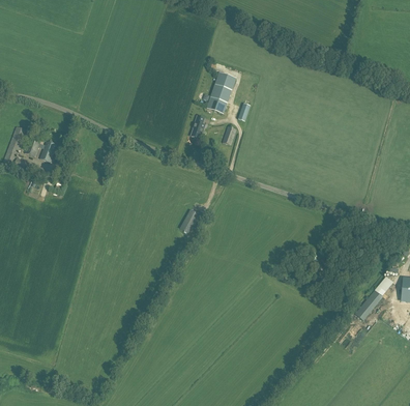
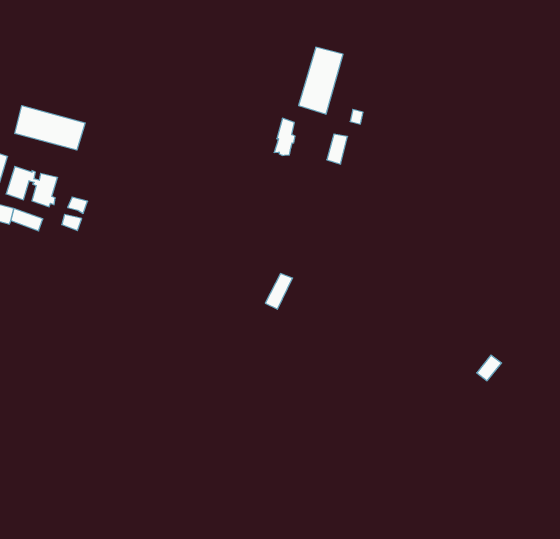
building: none -> [15,106,85,150]

